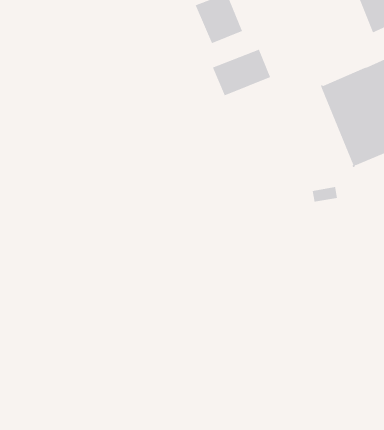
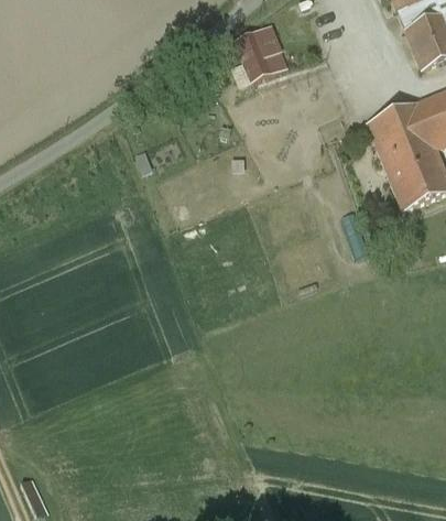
building: [212,49,271,96] -> none

